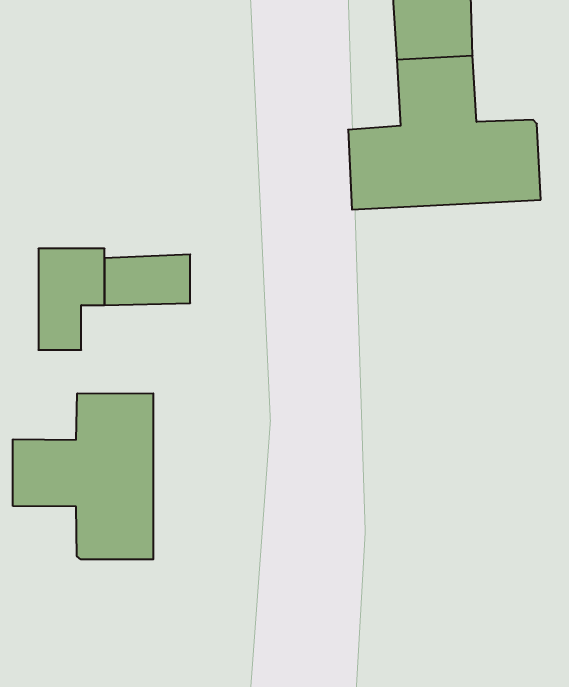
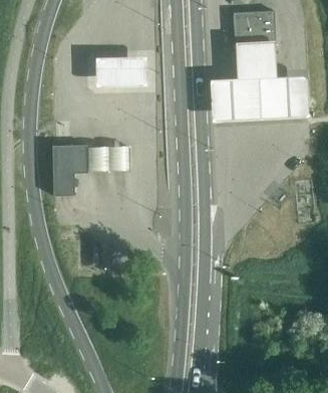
building: none -> [94,56,146,87]
building: [13,393,153,559] -> none

